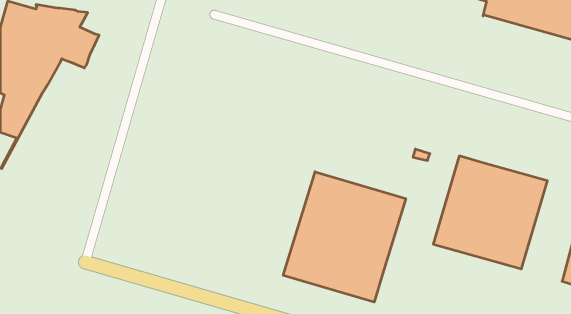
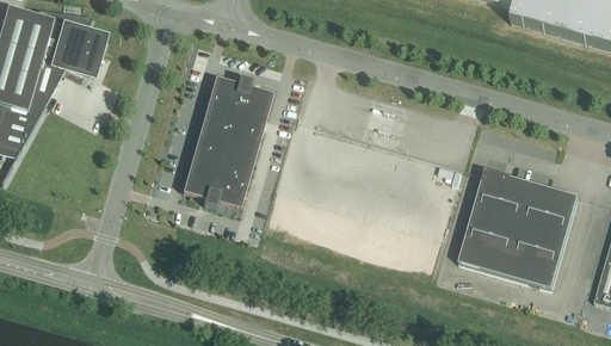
building: none -> [183,76,273,208]
building: [283,172,406,302] -> none

